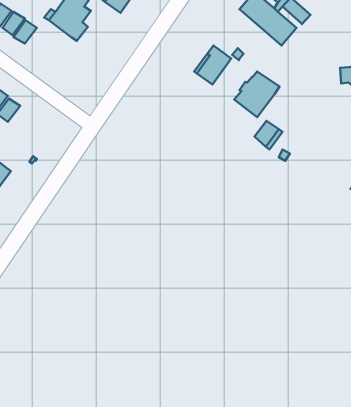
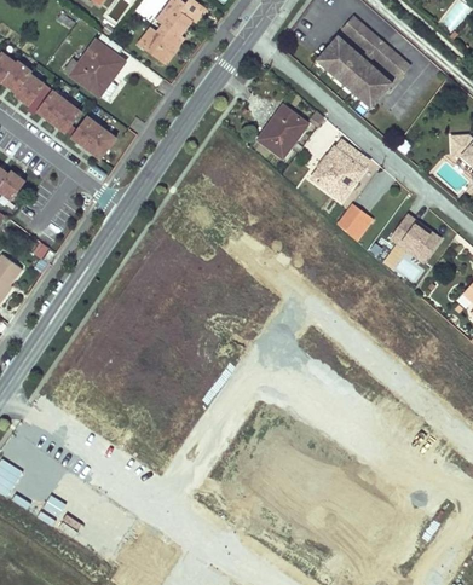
building: none -> [44,91,87,131]
building: none -> [79,116,122,156]
building: none -> [388,214,442,262]

